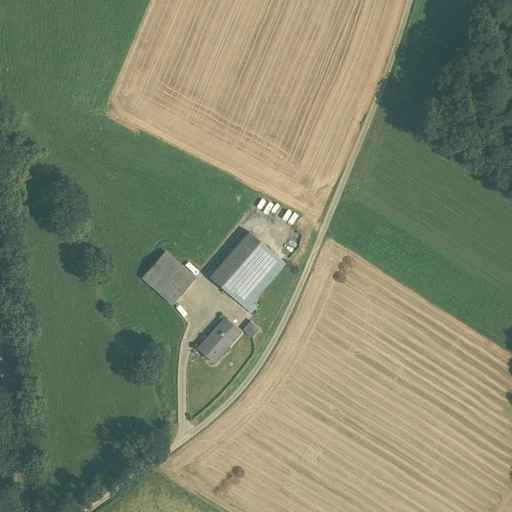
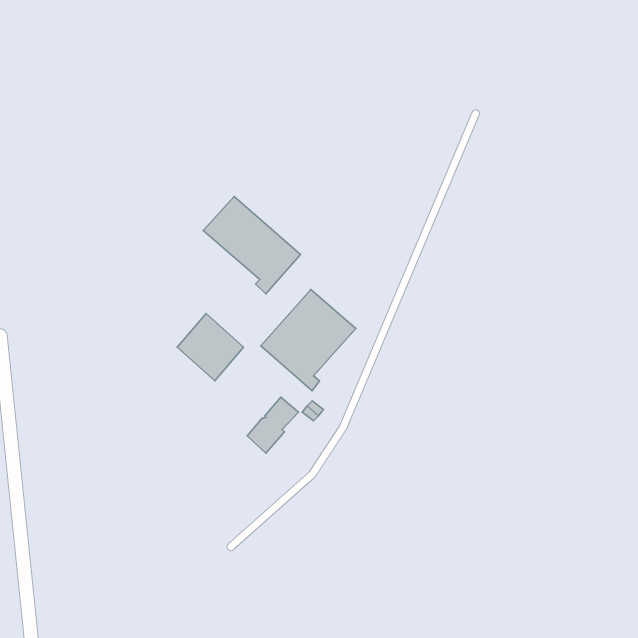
building: none -> [203,196,301,294]

